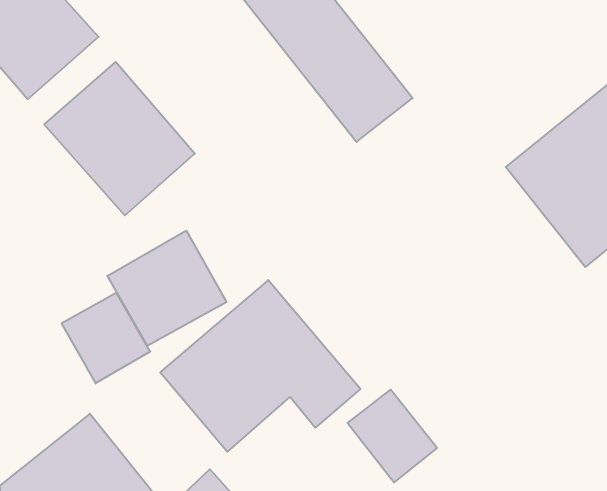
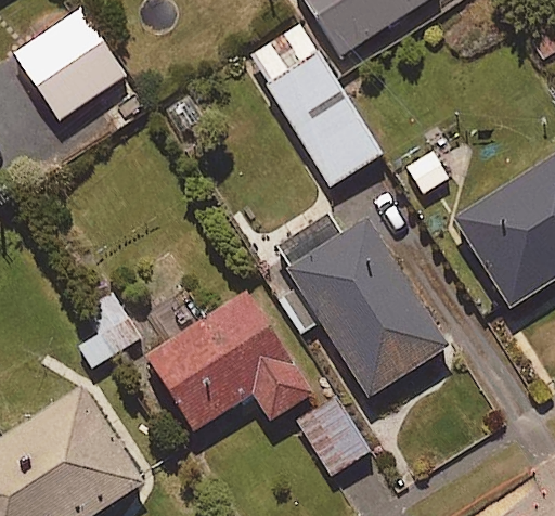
building: [44,62,195,215] -> none
building: none -> [279,219,449,397]
building: [107,231,227,346] -> none

